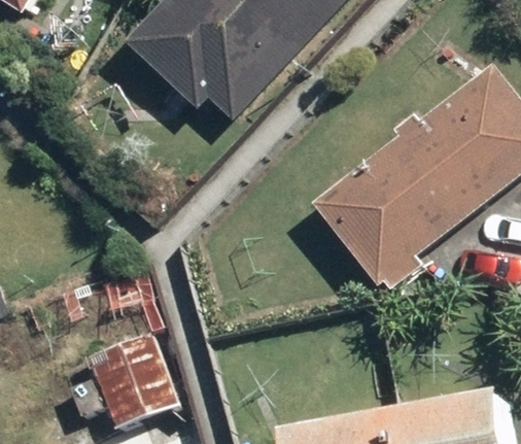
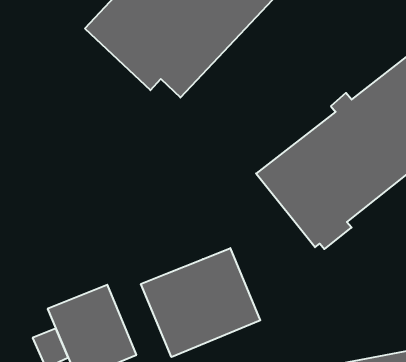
building: none -> [141,248,260,357]

